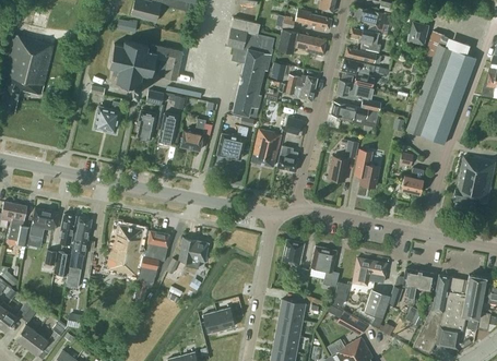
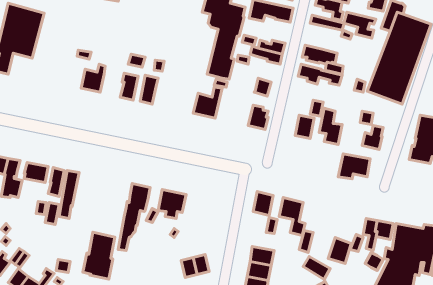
building: [109,40,181,94] -> none
building: [341,58,376,86] -> [344,12,376,38]
building: [180,118,205,149] -> none
building: [251,129,281,166] -> none
building: [107,224,142,275] -> [83,232,115,279]
building: [352,257,387,285] -> [338,154,370,179]

